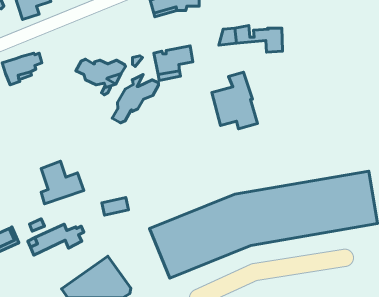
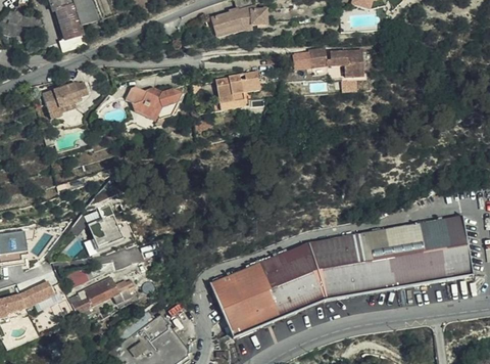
building: [212,72,257,129] -> none
building: [112,75,159,123] -> none
building: [102,197,129,215] -> [112,244,143,265]

